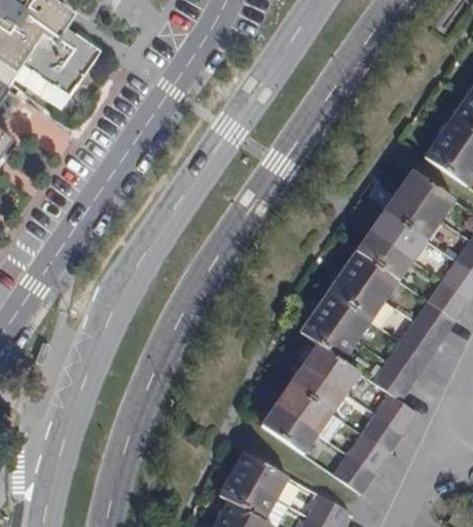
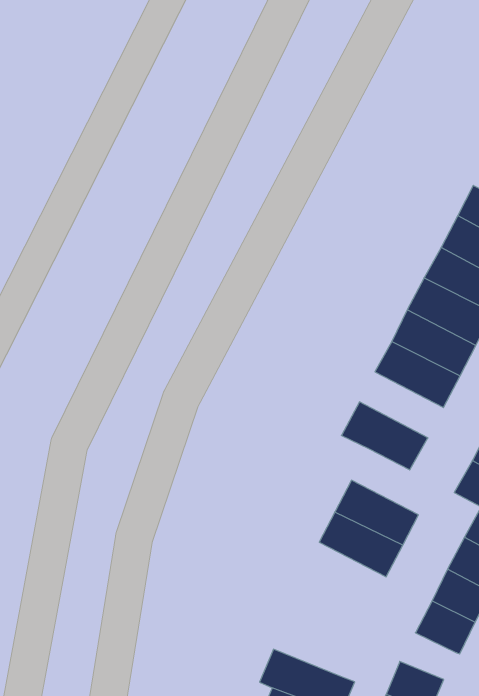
building: [315,290,372,341] -> none
building: [302,343,360,393] -> none
building: [260,403,318,454] -> none
building: [233,451,290,498] -> none

